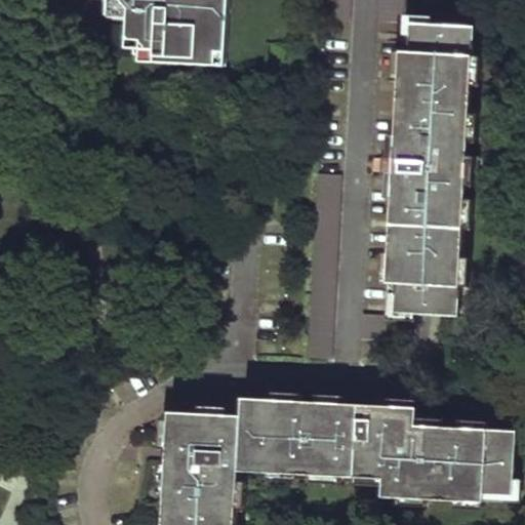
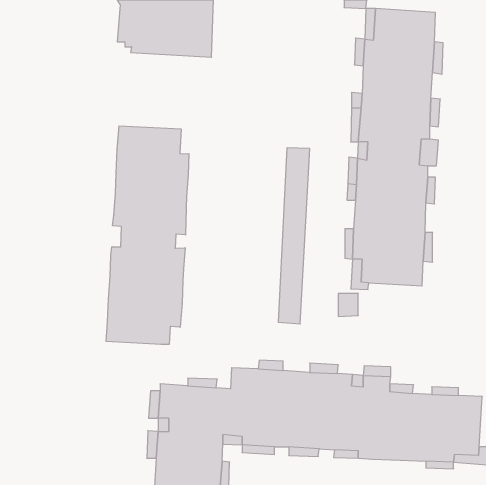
building: none -> [106,126,189,344]

